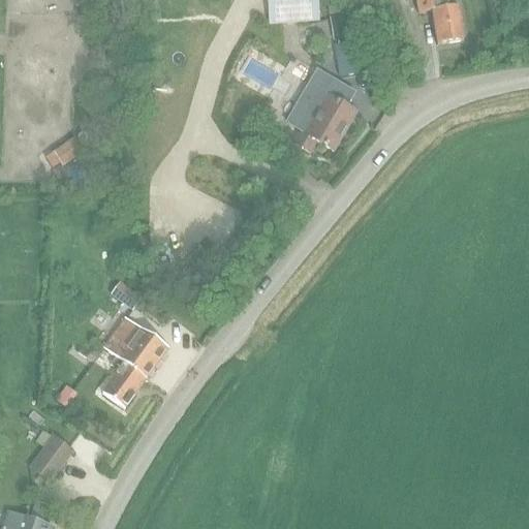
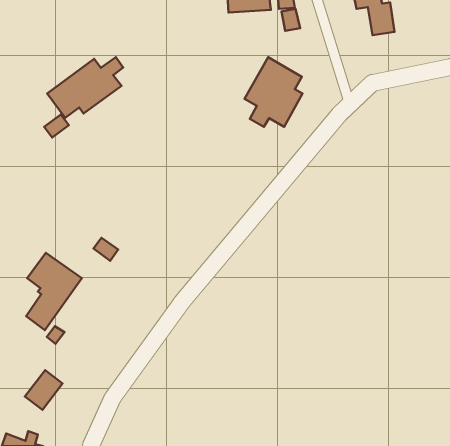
building: [335,39,361,74] -> none
building: none -> [47,57,123,118]
building: [102,317,167,408] -> [26,253,82,330]

